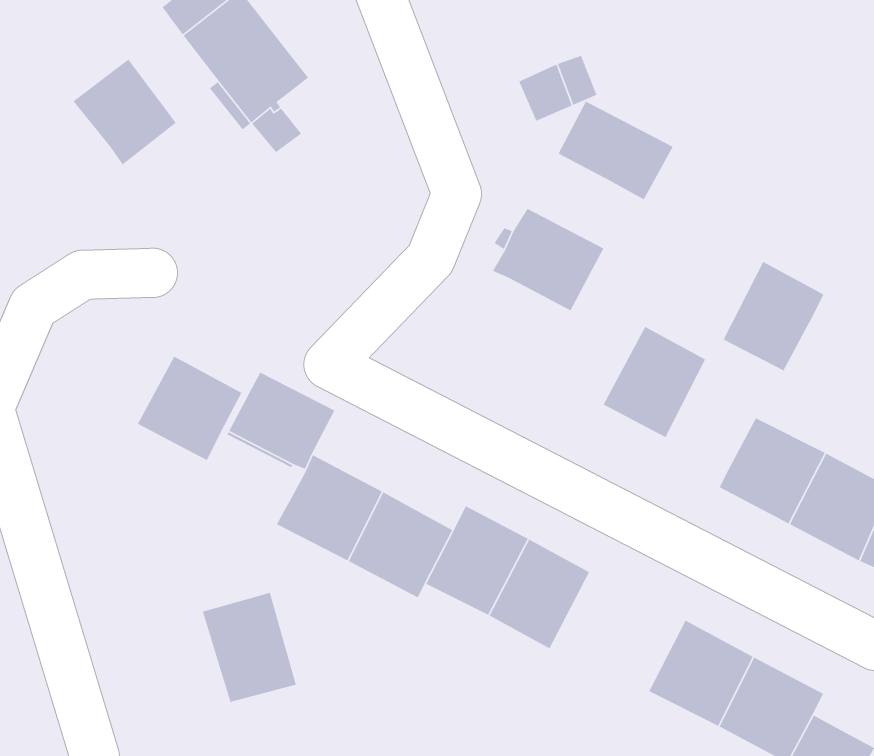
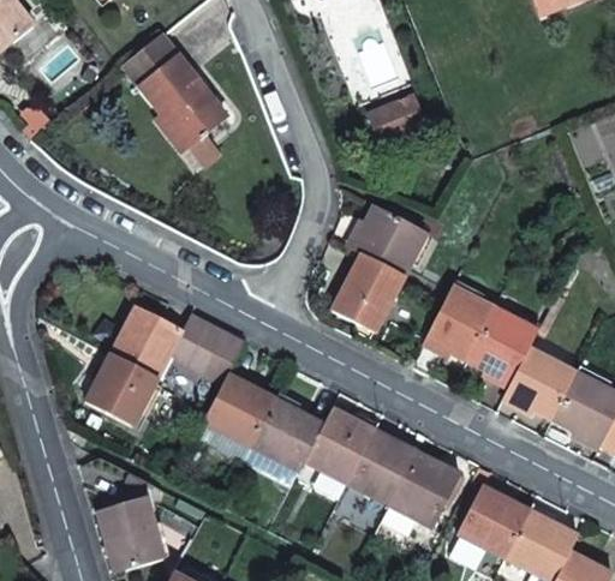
building: [72,59,177,165] -> none
building: [558,100,674,200] -> none
building: [722,261,824,372] -> [470,307,539,383]
building: none -> [332,252,405,331]
building: none -> [83,352,156,425]
building: none -> [382,453,460,537]
building: [202,592,297,703] -> [97,496,162,571]

